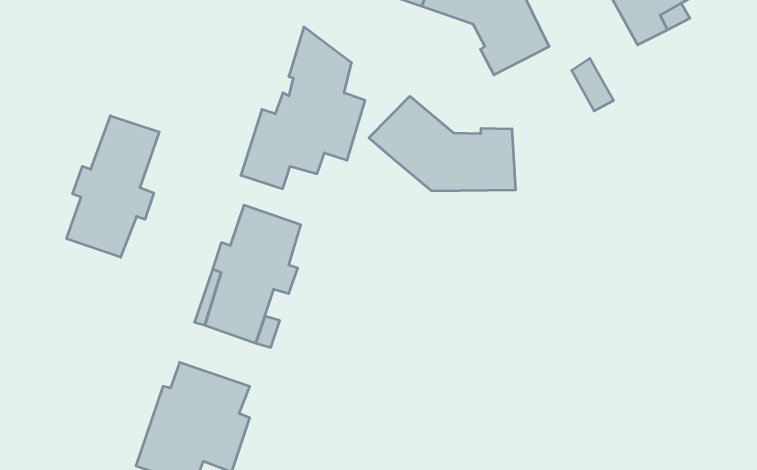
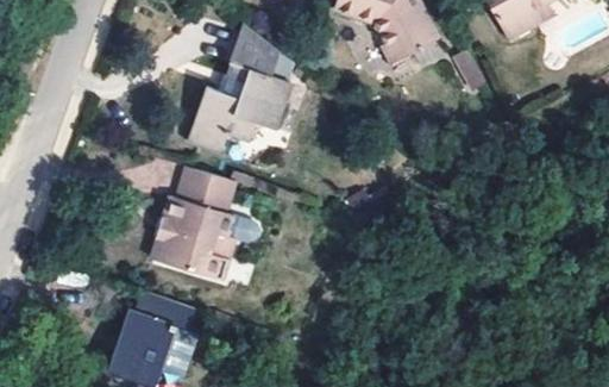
building: [369,96,515,191] -> none
building: [67,116,159,257] -> none

